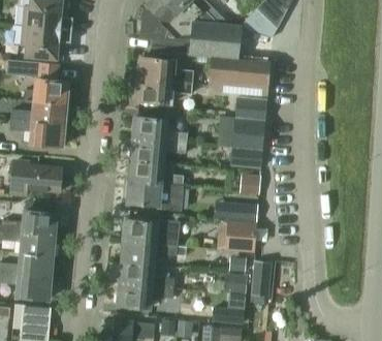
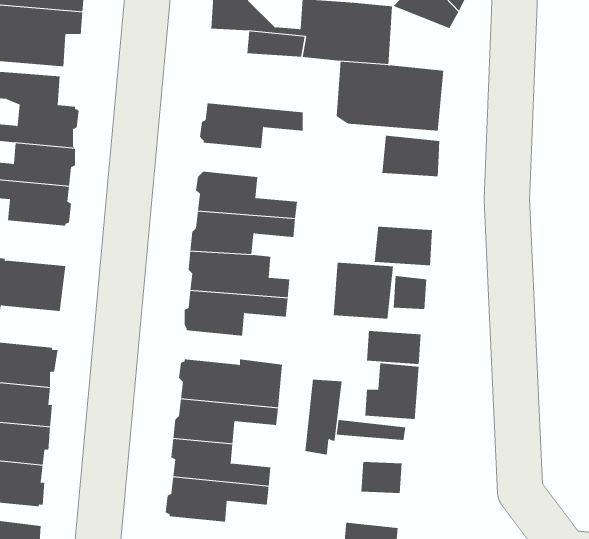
building: [138,56,193,84] -> none
building: [232,117,265,148] -> [333,262,394,319]
building: [250,260,270,302] -> [305,379,343,455]

